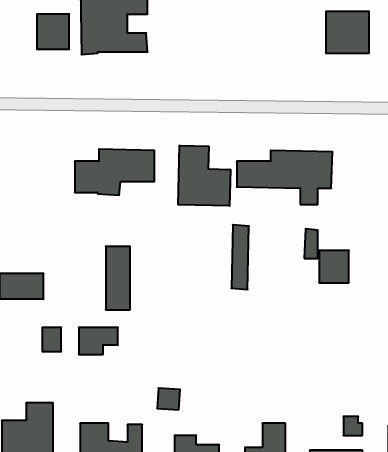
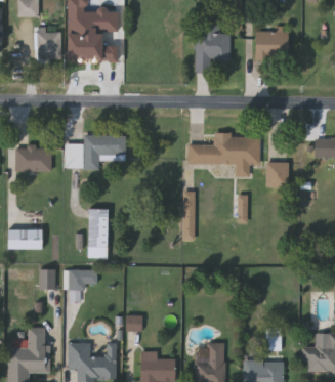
building: none -> [197,26,231,59]
building: [178,145,230,206] -> none
building: none -> [15,146,50,171]
building: [319,250,349,283] -> [266,162,289,186]

